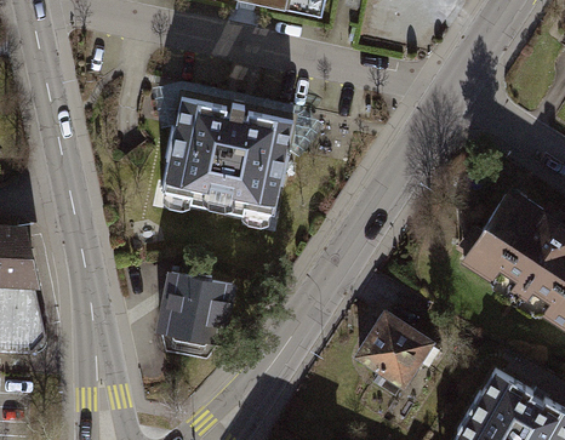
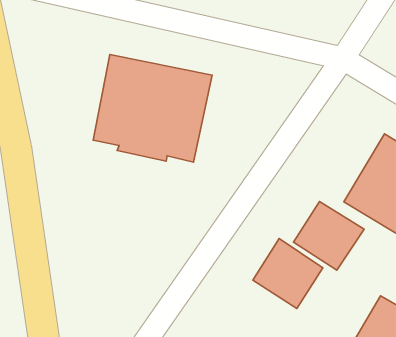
building: none -> [293,201,364,270]
building: [155,269,239,359] -> none

